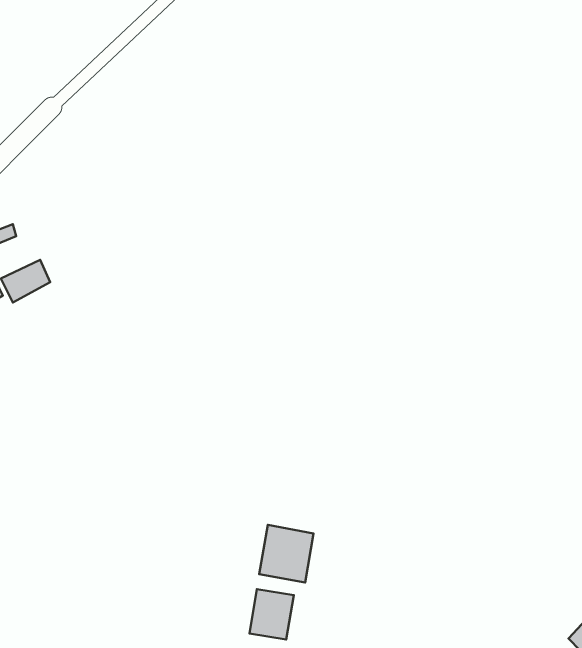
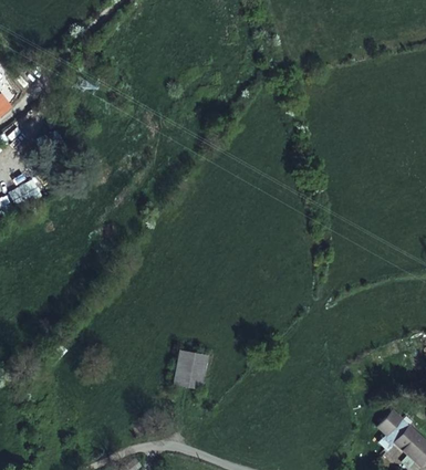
building: [249,589,294,639] -> none

